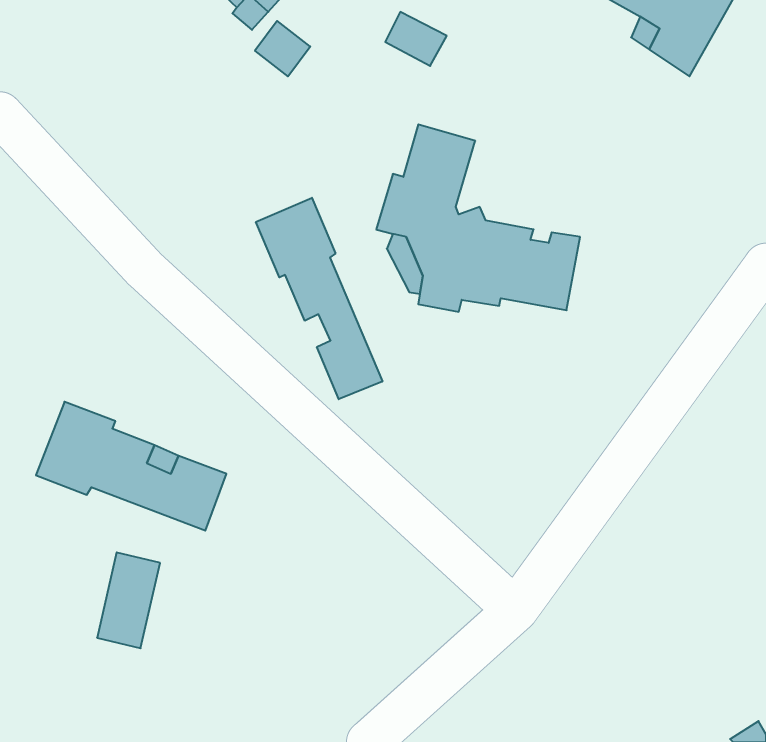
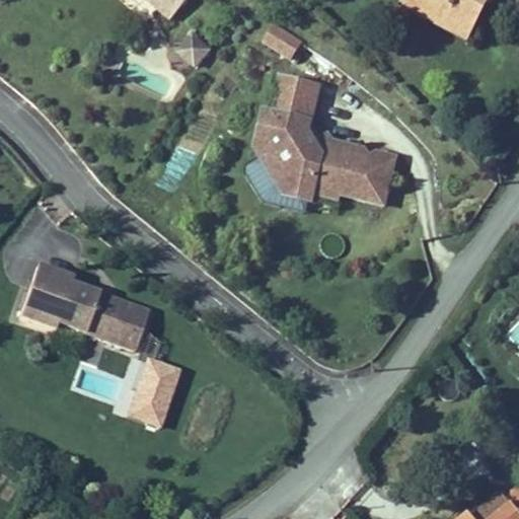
building: [256,198,382,399] -> none
building: [97,552,160,648] -> [132,346,174,411]

